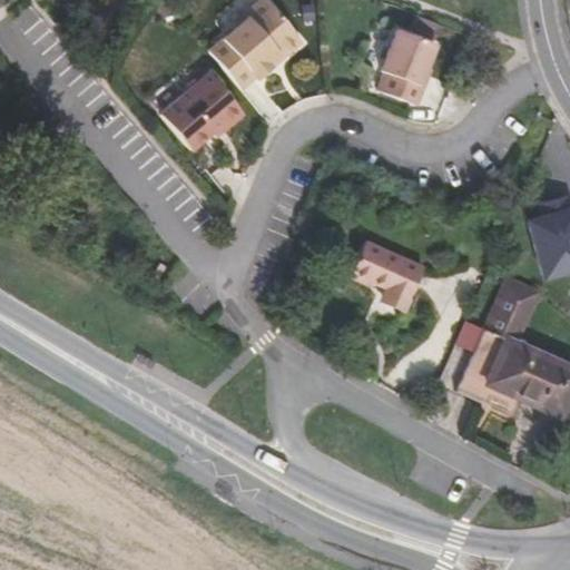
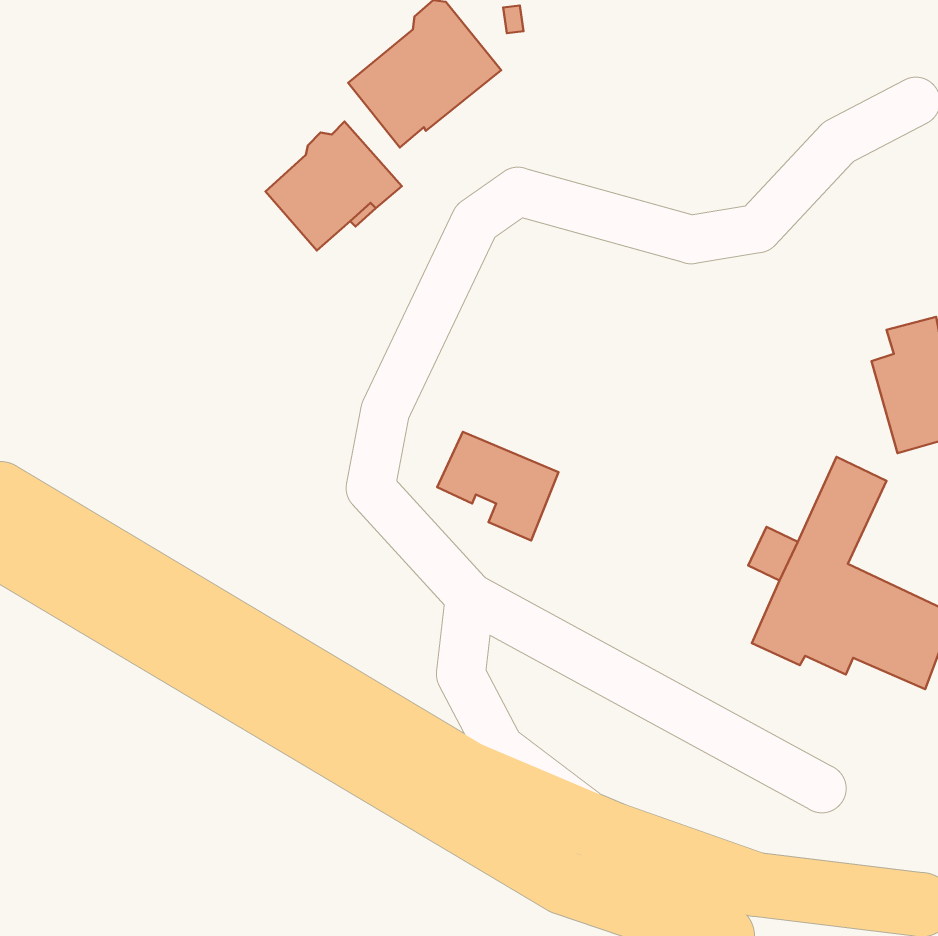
building: [376,24,438,100] -> none
building: [347,240,421,306] -> [437,432,559,540]

